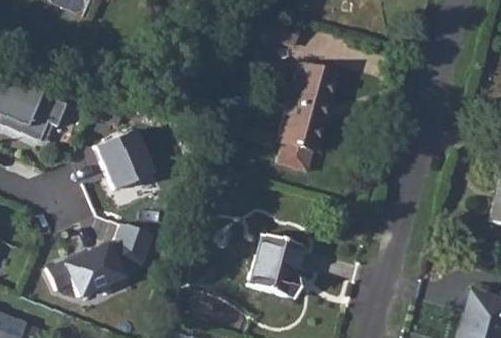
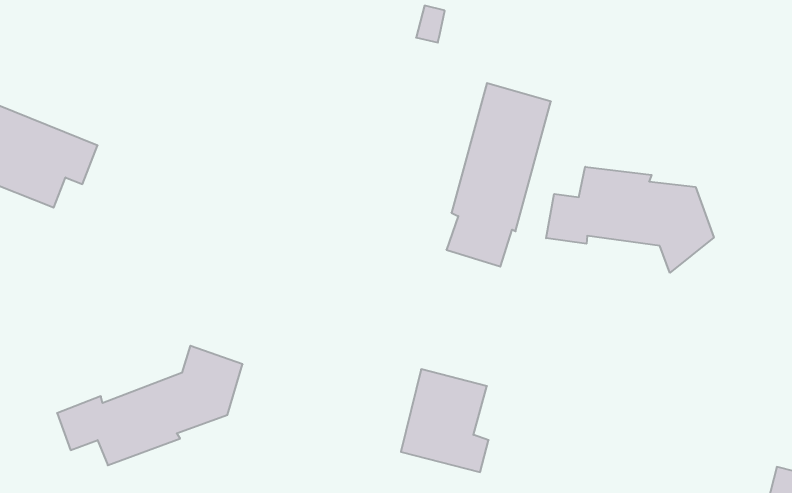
building: none -> [546,167,714,273]
building: [97,131,153,191] -> none

